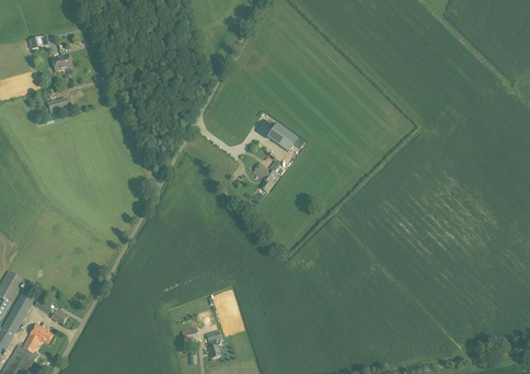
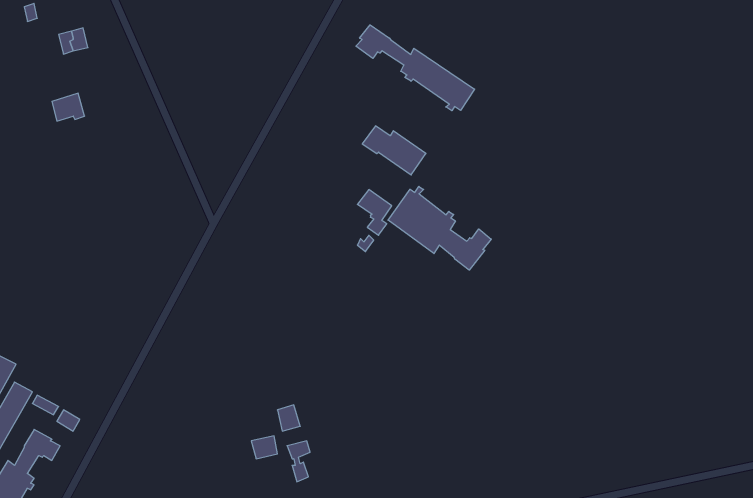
building: none -> [356,25,475,111]
building: none -> [388,186,491,270]

